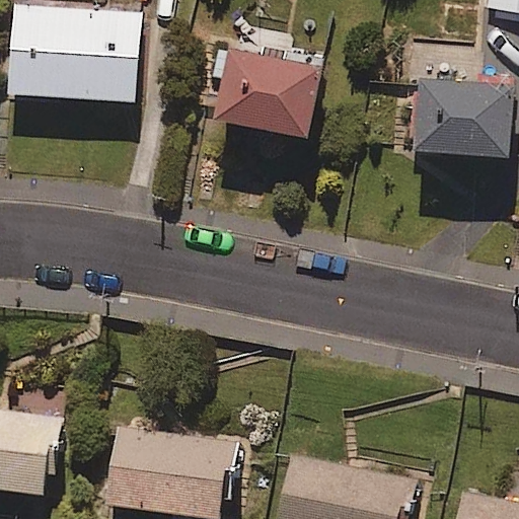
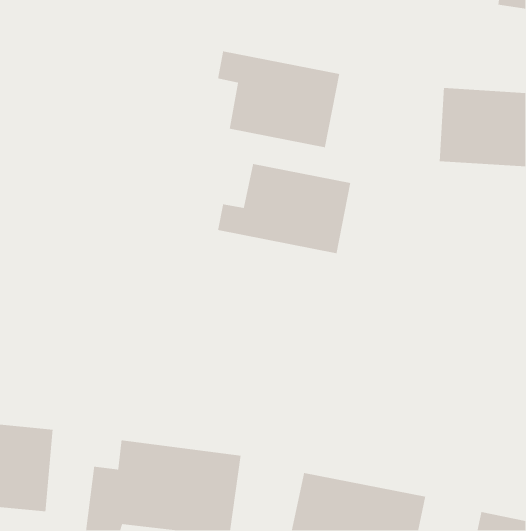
building: [5,4,140,101] -> none
building: none -> [217,163,351,254]

